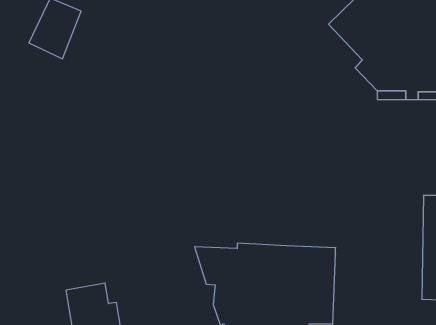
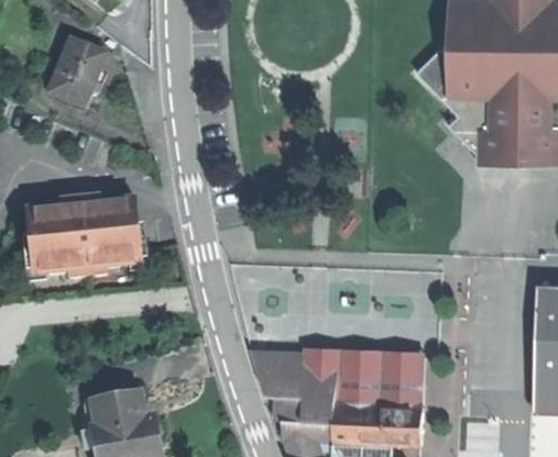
building: none -> [26,193,142,277]

